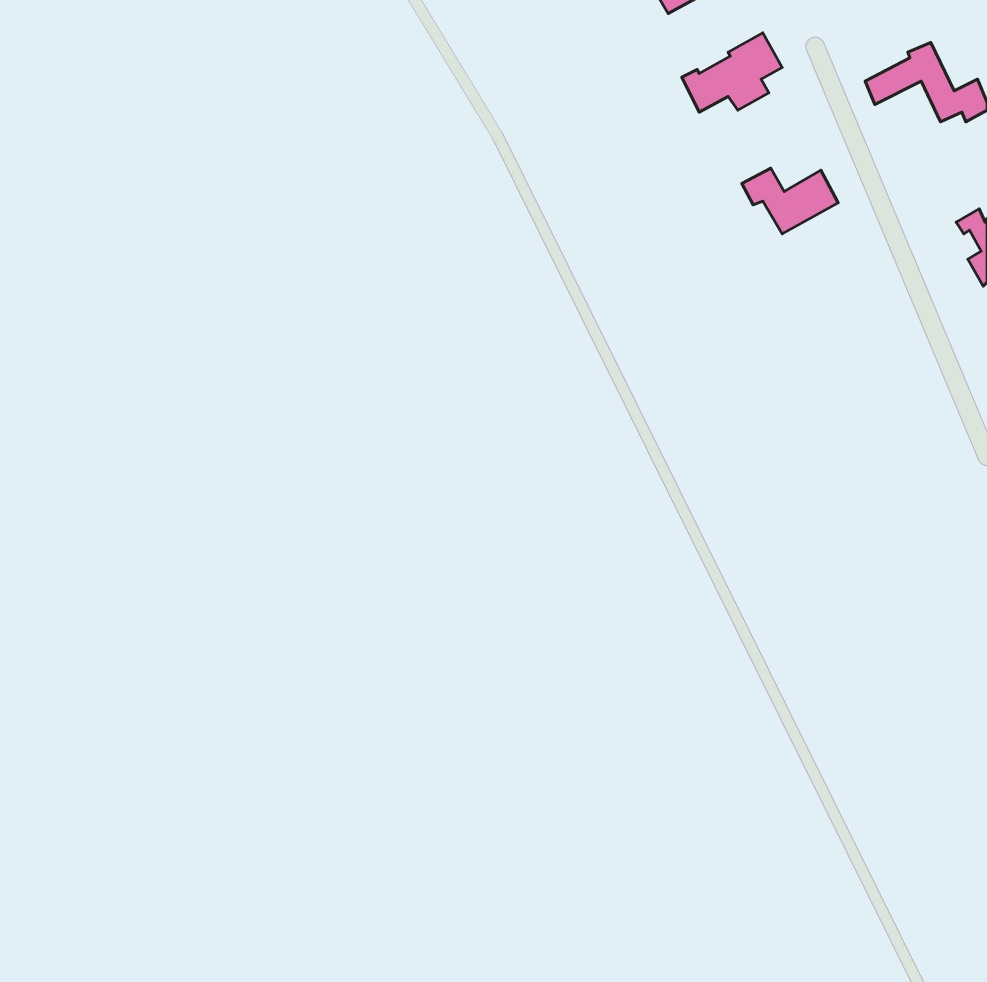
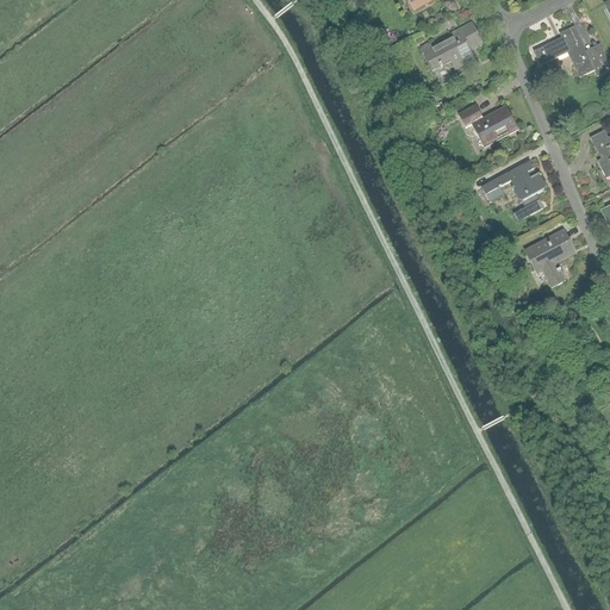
building: none -> [483,160,548,220]
building: none -> [524,229,573,287]

